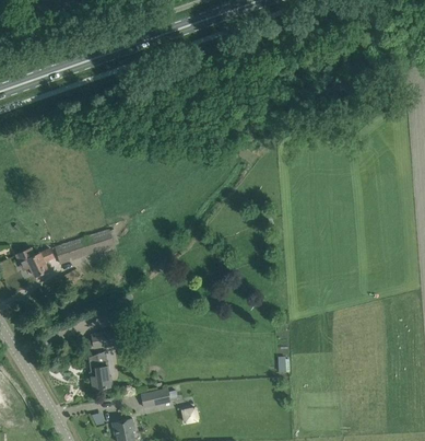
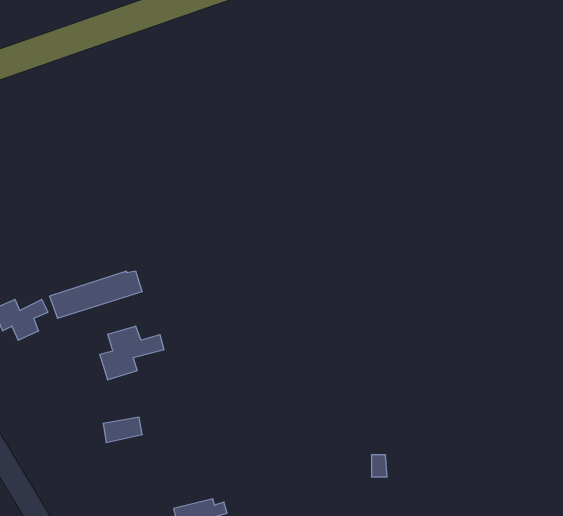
building: none -> [100,326,164,380]
building: [87,353,111,388] -> none

